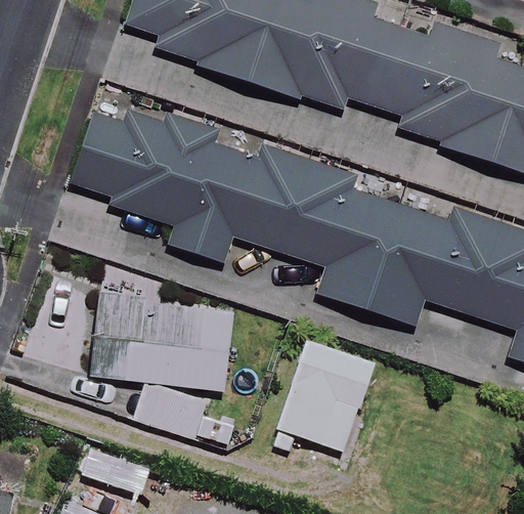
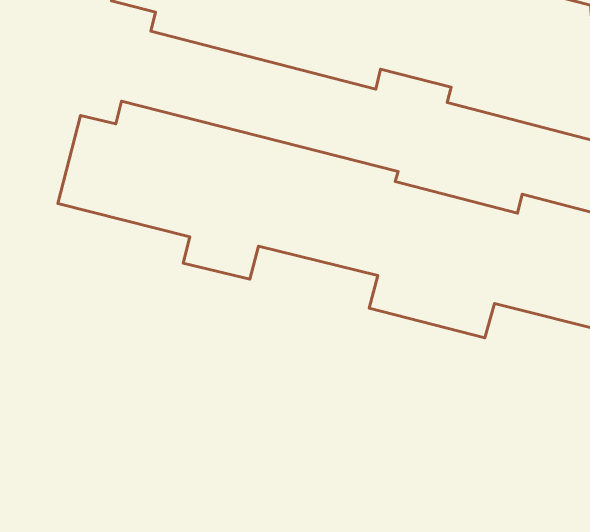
building: [90,290,235,434] -> none
building: [272,338,374,451] -> none

